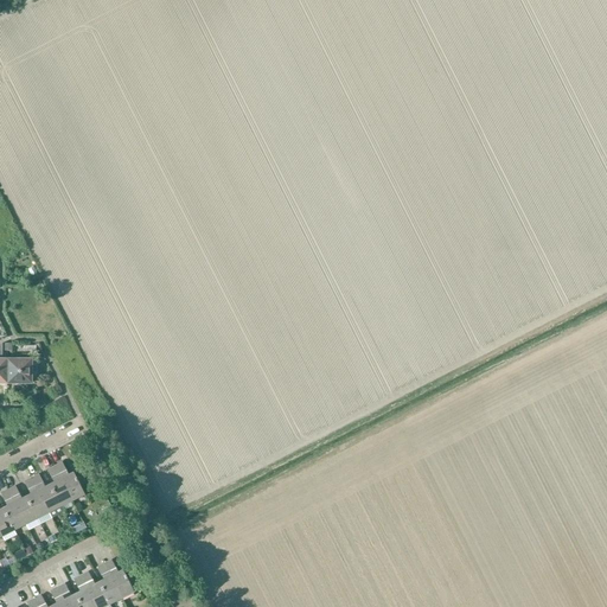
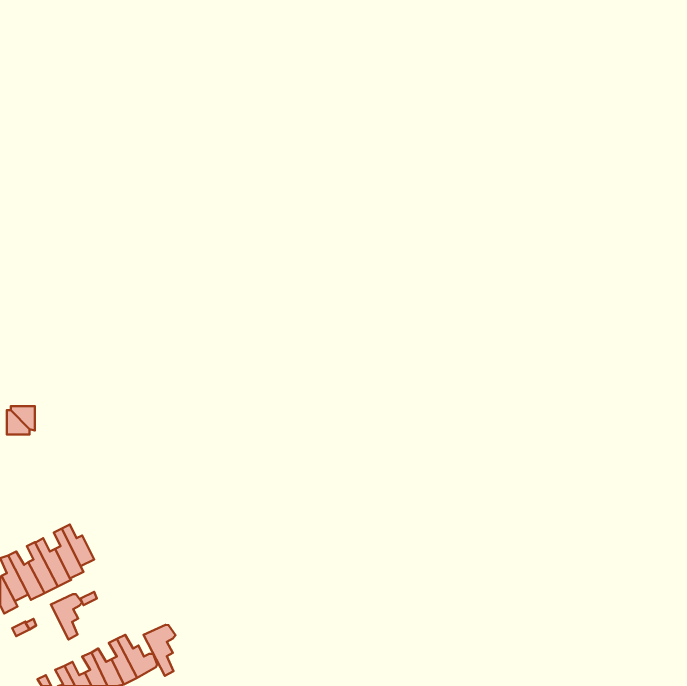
building: none -> [51,594,82,639]
building: none -> [144,625,175,676]

